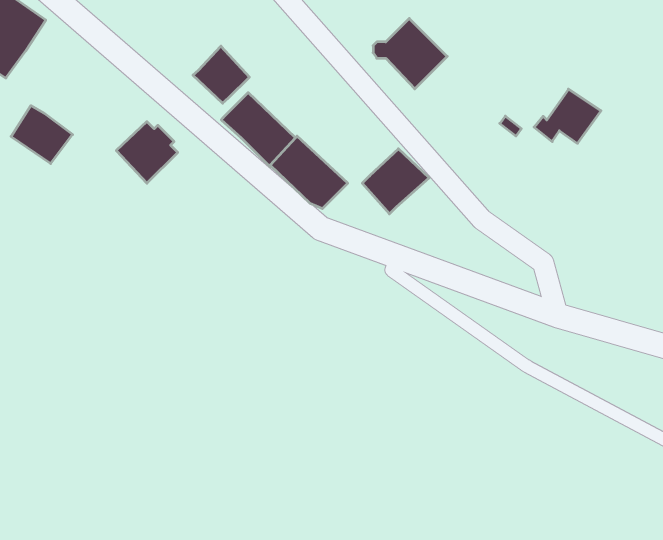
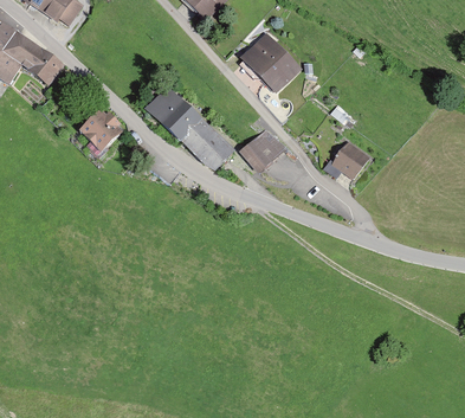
building: [193,46,249,103] -> none
building: [534,89,601,143] -> [324,142,368,178]
building: [11,106,73,164] -> [21,44,62,82]

